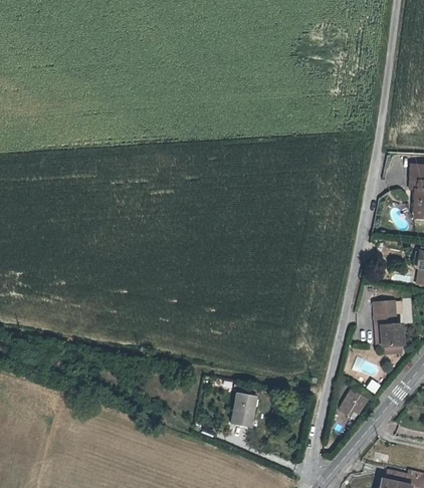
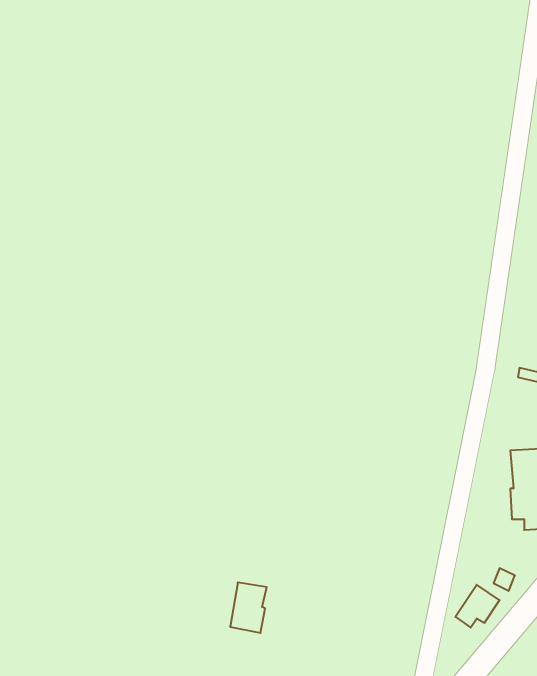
building: [228,394,252,427] -> [230,582,267,633]

